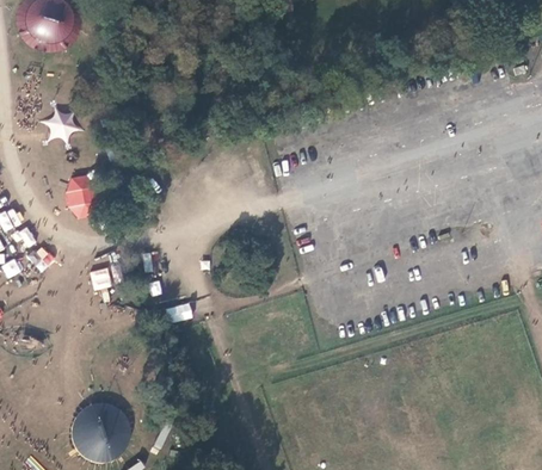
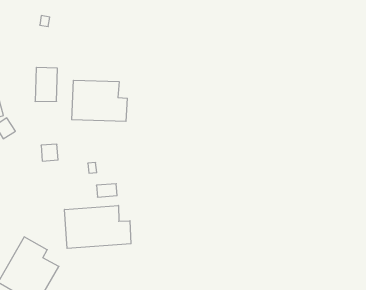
building: none -> [72,80,127,121]
building: none -> [65,205,131,248]

